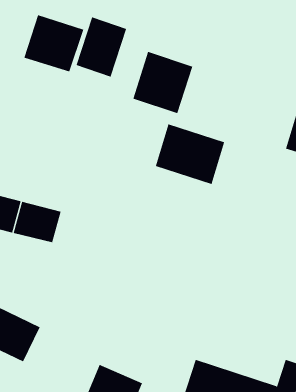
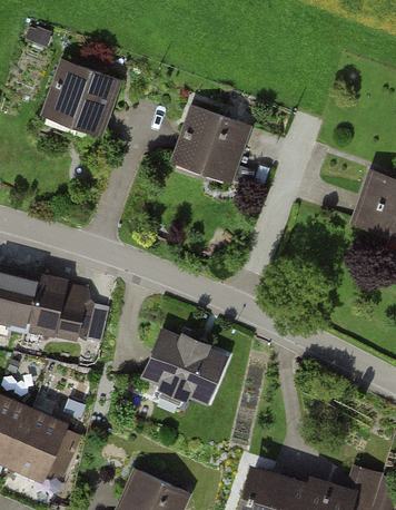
building: [76,17,127,77] -> none
building: [155,124,225,185] -> none
building: none -> [143,335,225,404]

